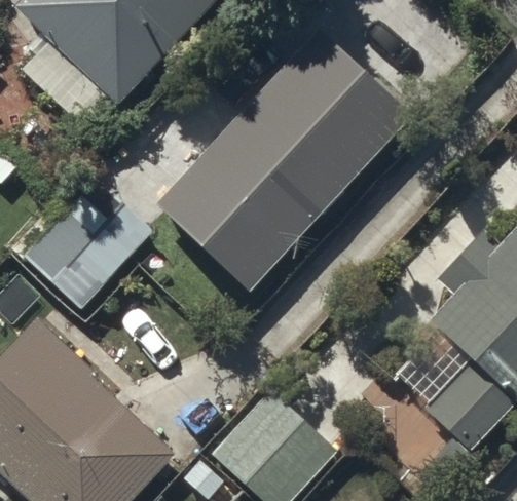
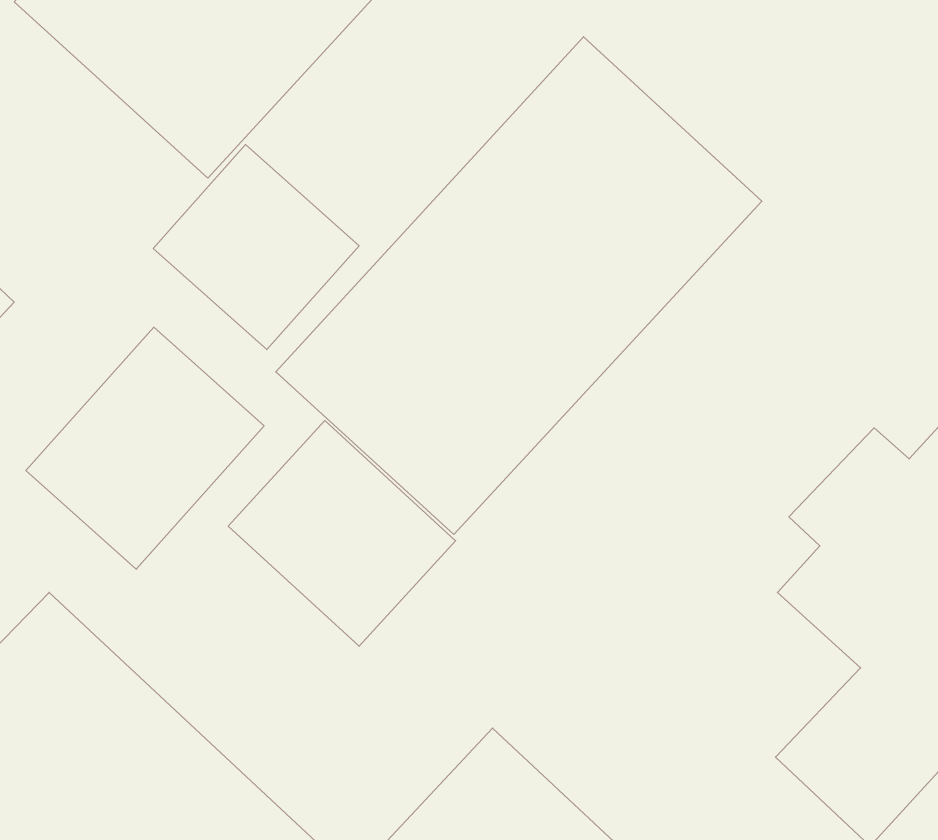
building: none -> [153,145,359,350]
building: none -> [228,421,456,646]

